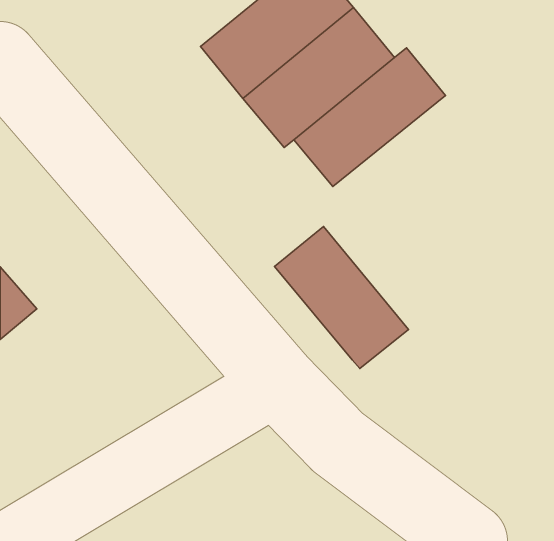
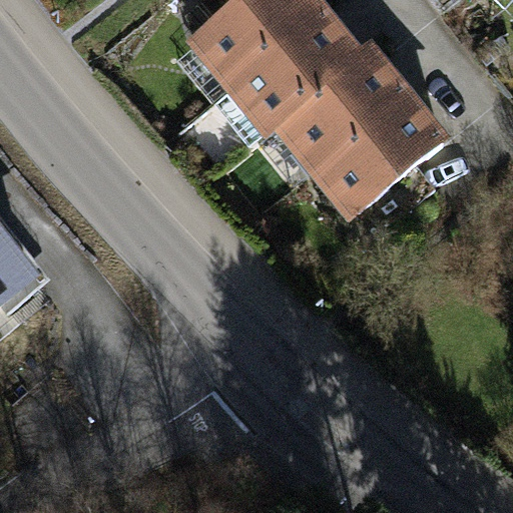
building: none -> [308,88,450,219]
building: [275,226,408,369] -> none

